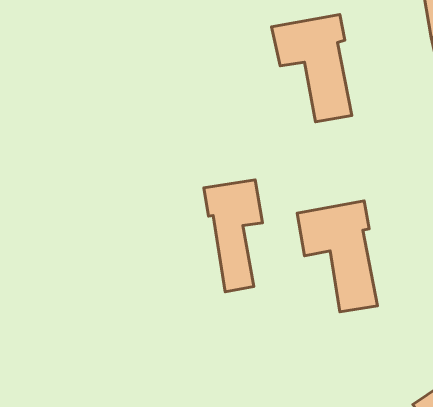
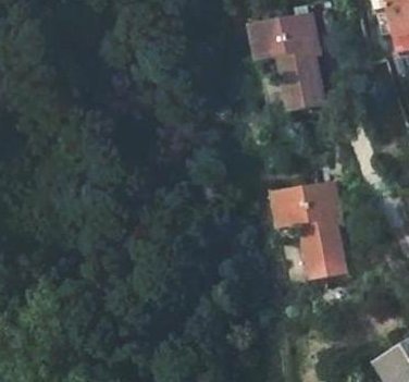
building: [204,180,263,292] -> none

